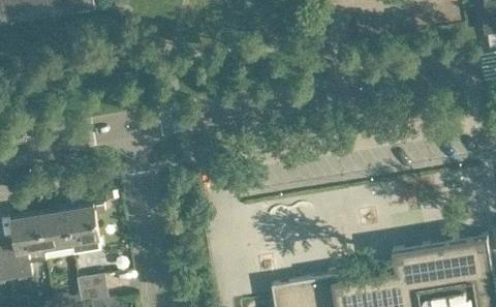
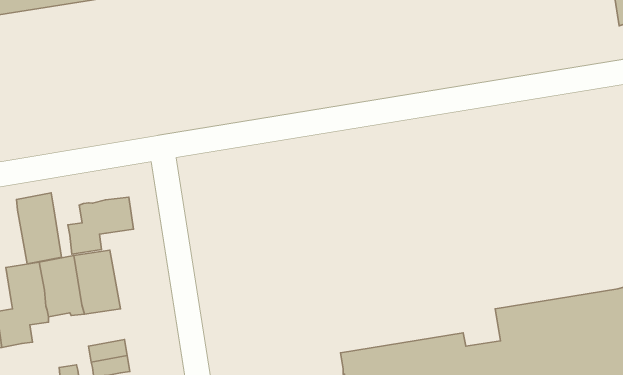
building: none -> [17,193,62,264]
building: none -> [68,197,134,254]

